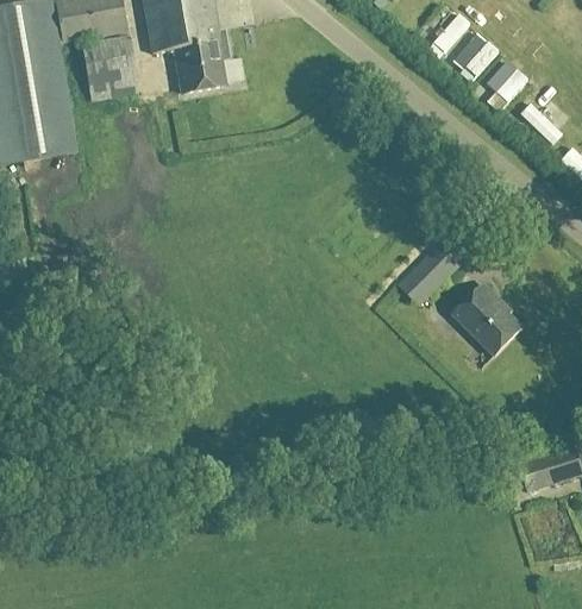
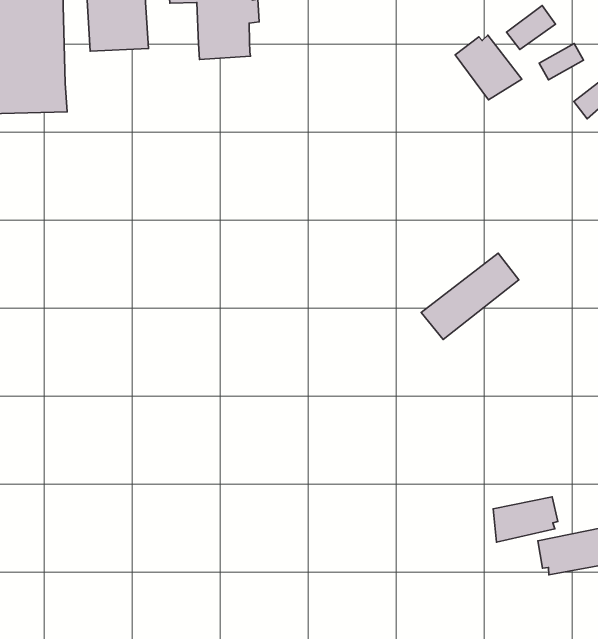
building: none -> [455,35,522,100]
building: [452,281,521,353] -> none
building: none -> [493,497,558,542]

